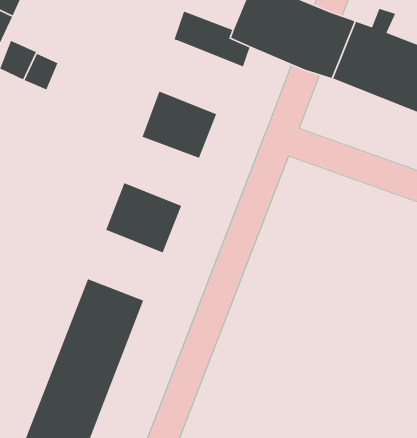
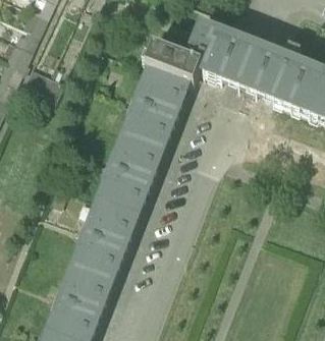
building: none -> [137,62,191,113]
building: none -> [112,129,165,177]
building: none -> [87,194,140,243]

